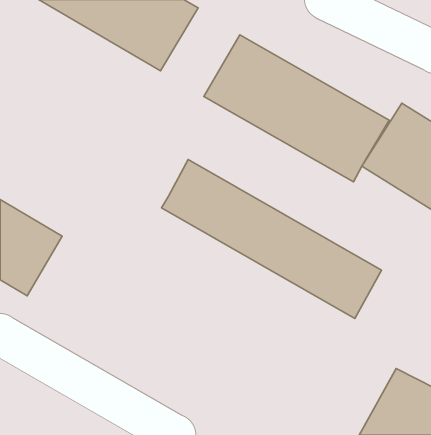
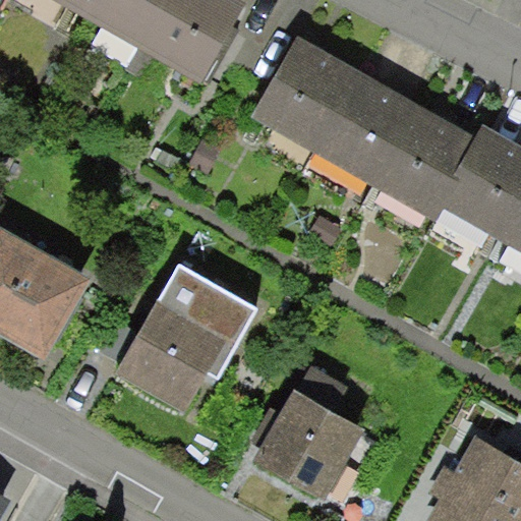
building: [162,160,382,318] -> none
building: none -> [119,264,264,409]
building: none -> [248,387,357,500]

